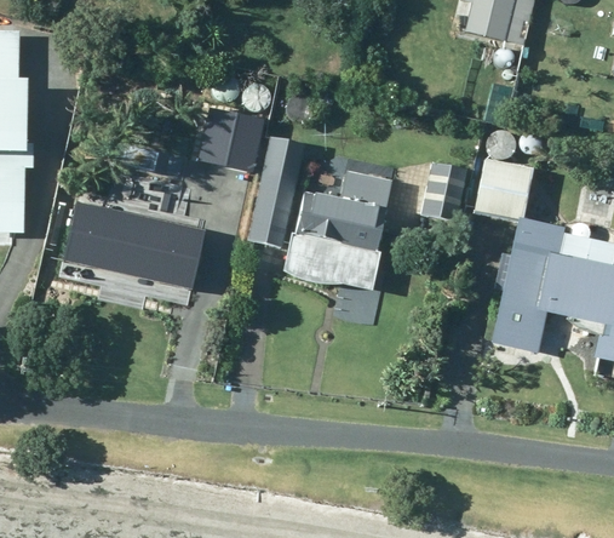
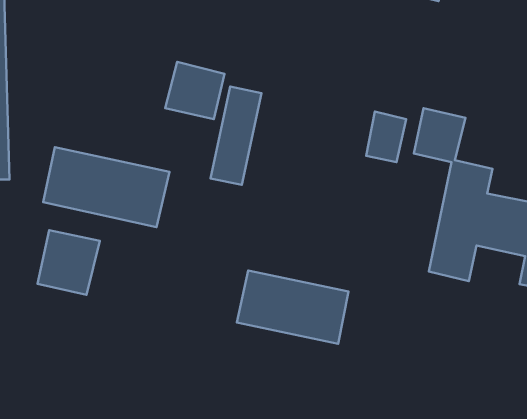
building: [282,170,391,290] -> none
building: none -> [37,230,100,295]
building: none -> [237,270,349,344]

